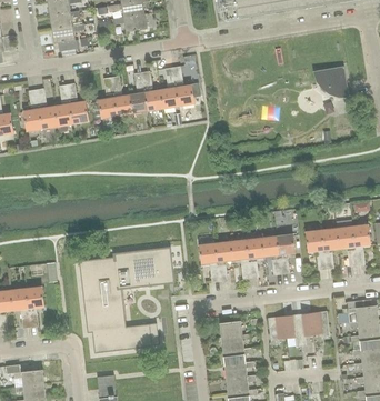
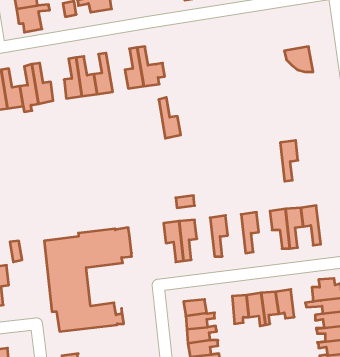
building: [141,71,163,112] -> [159,97,181,138]
building: [352,224,370,265] -> [280,140,298,181]
building: [261,235,281,275] -> none
building: [230,239,250,279] -> none

